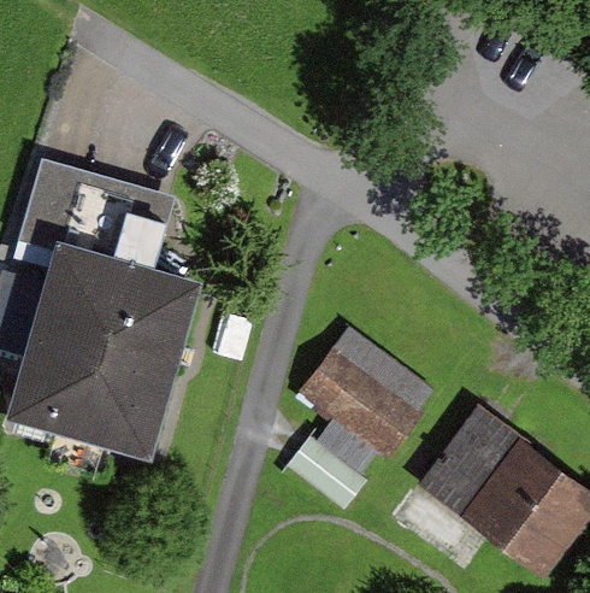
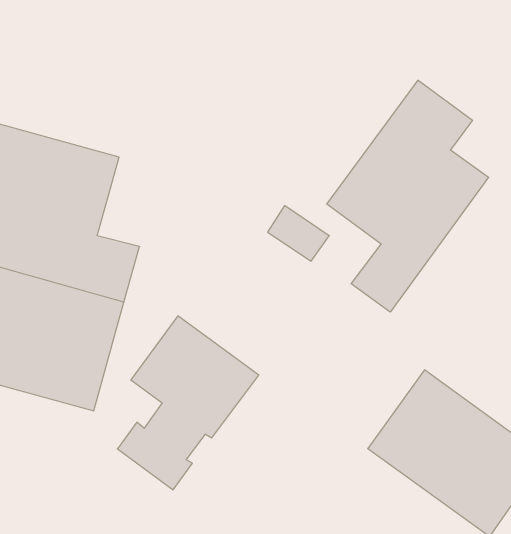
building: none -> [327,80,489,312]
building: [293,334,433,507] -> [117,316,259,490]

